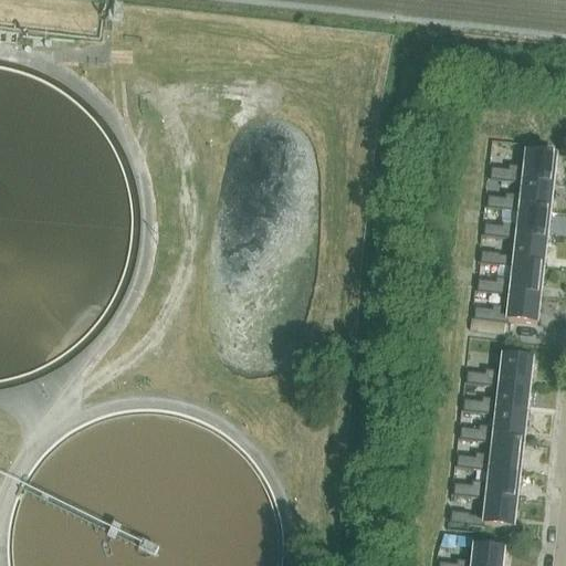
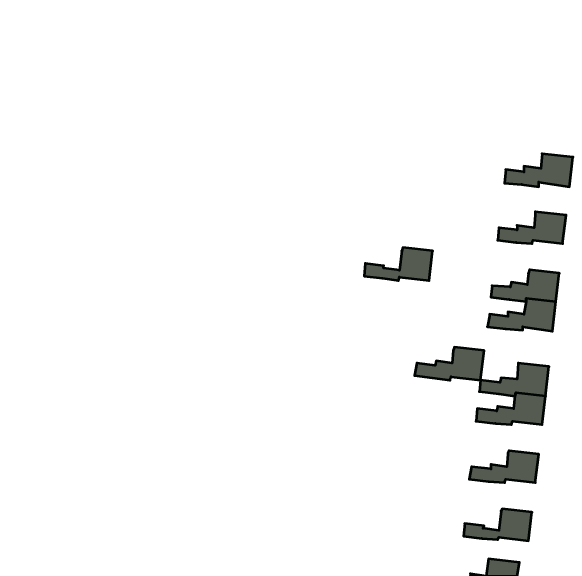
building: [486,177,553,209] -> none
building: [480,233,546,265] -> [364,248,433,281]
building: [459,409,526,441] -> [415,347,484,380]
building: [453,465,520,497] -> none

